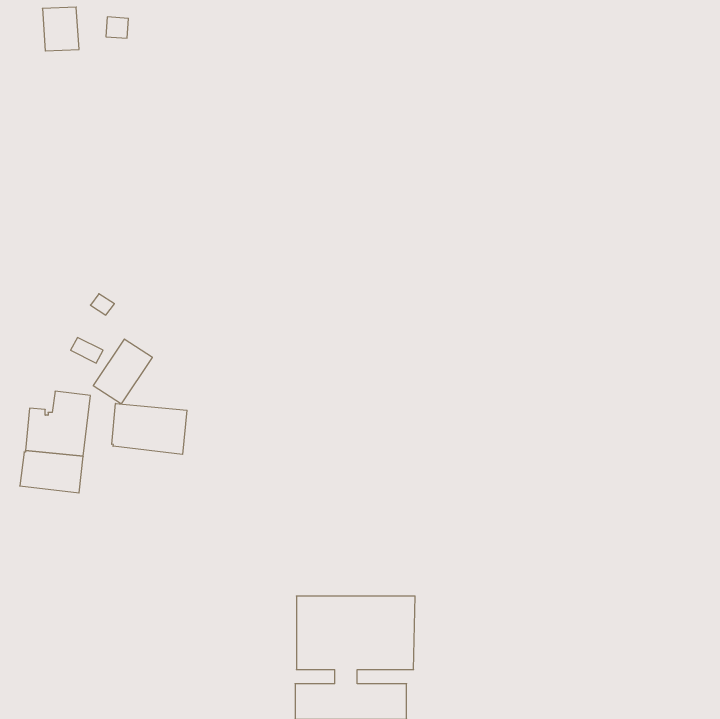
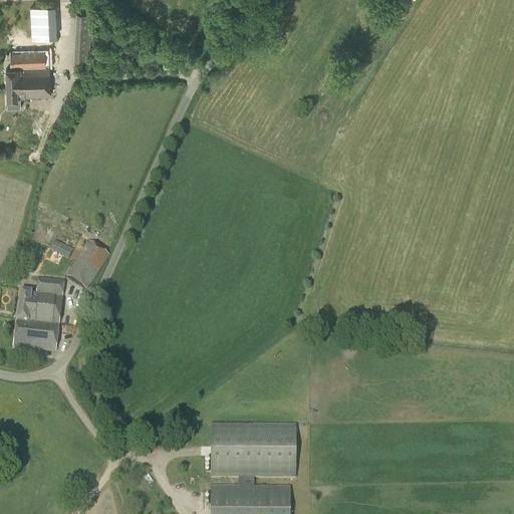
building: none -> [5,46,51,106]
building: [112,403,187,454] -> none

